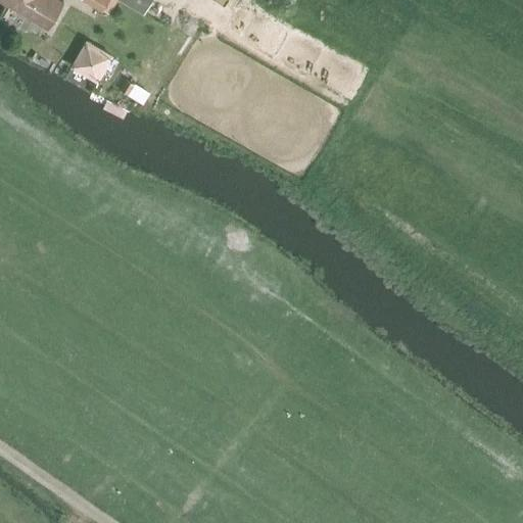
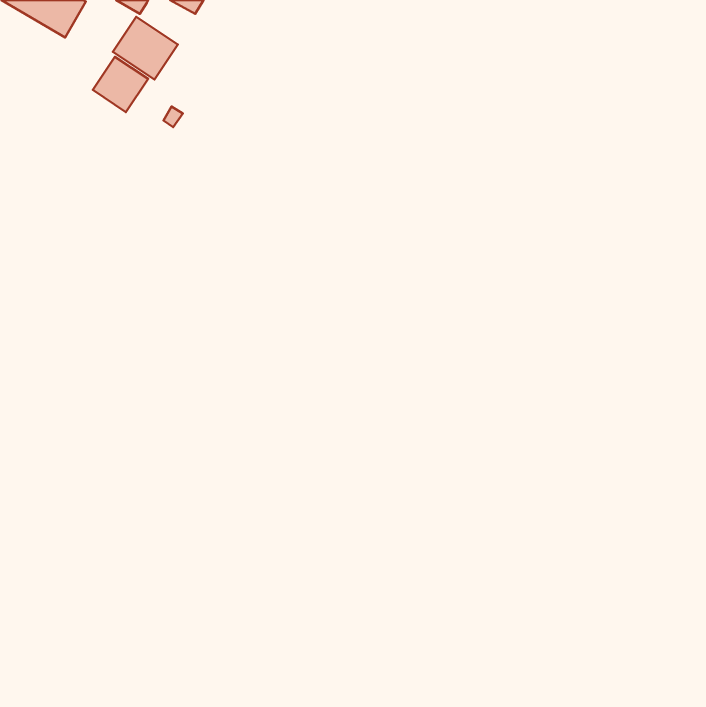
building: none -> [113,17,178,80]

